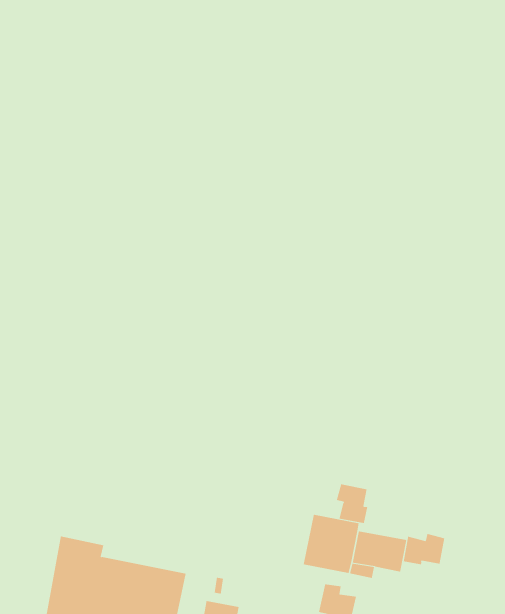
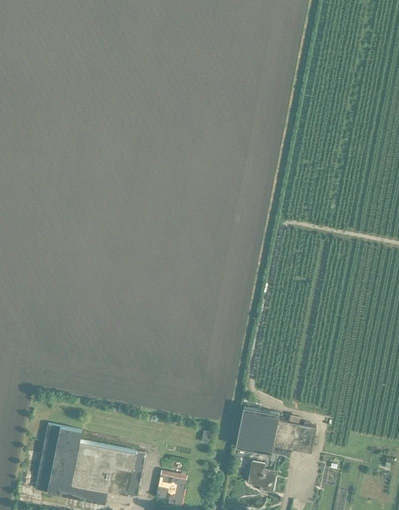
building: [336,484,368,524] -> none
building: [403,533,445,565] -> none

